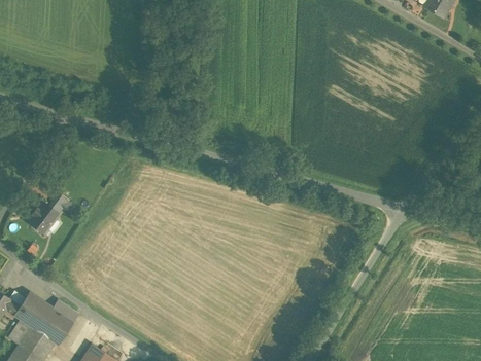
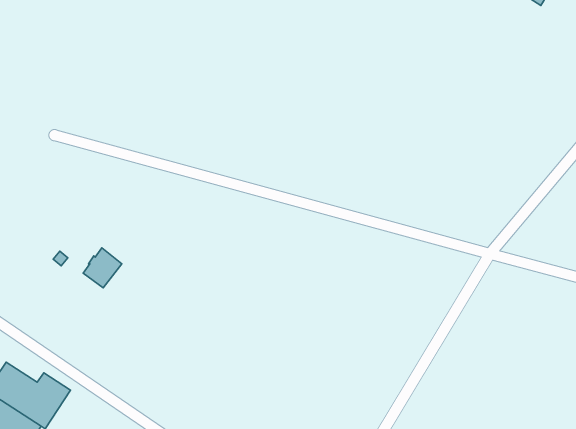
building: [29,202,59,232] -> [83,248,122,288]

